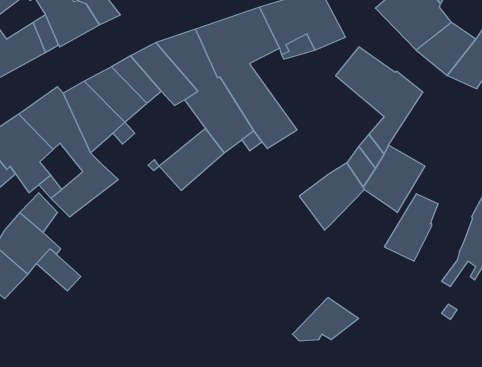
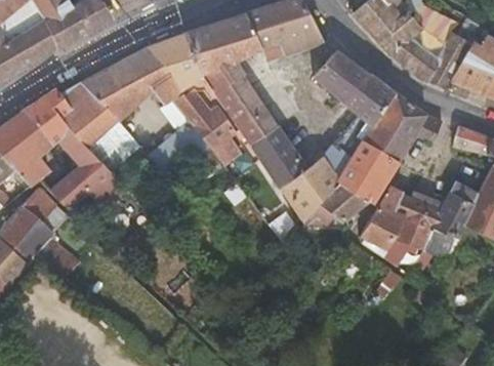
building: none -> [364,92,443,161]
building: none -> [251,127,308,189]
building: none -> [384,196,442,265]
building: [292,298,359,341] -> [308,182,370,222]

